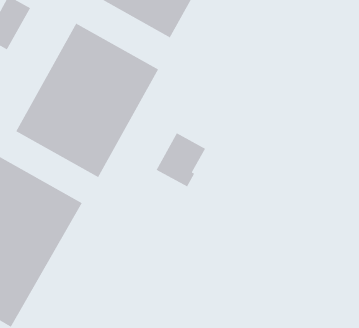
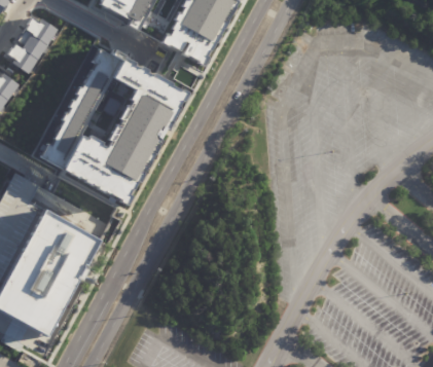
building: [156,132,206,188] -> none

